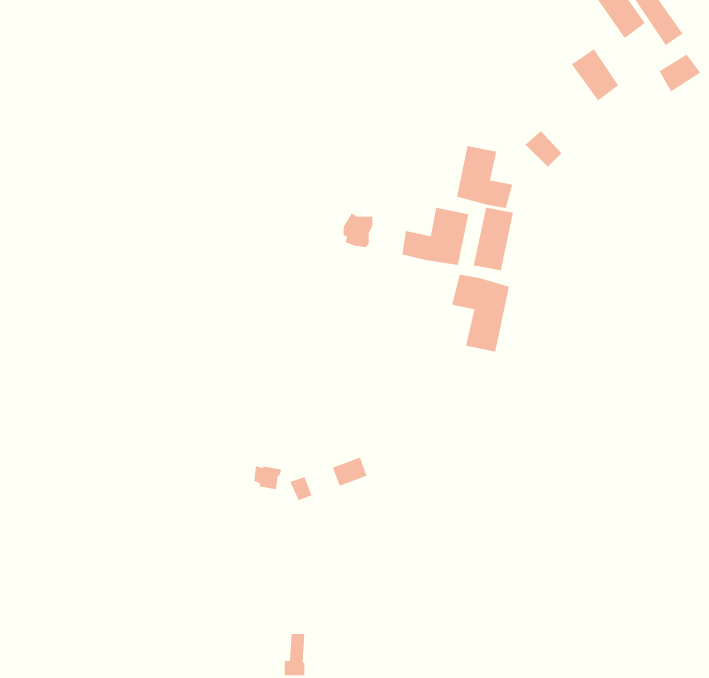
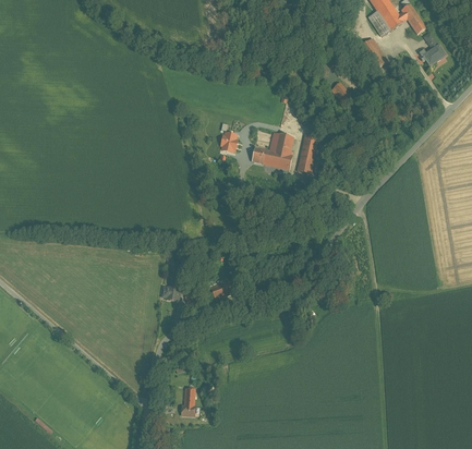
building: [456,145,513,209] -> none
building: [451,274,510,353] -> none

